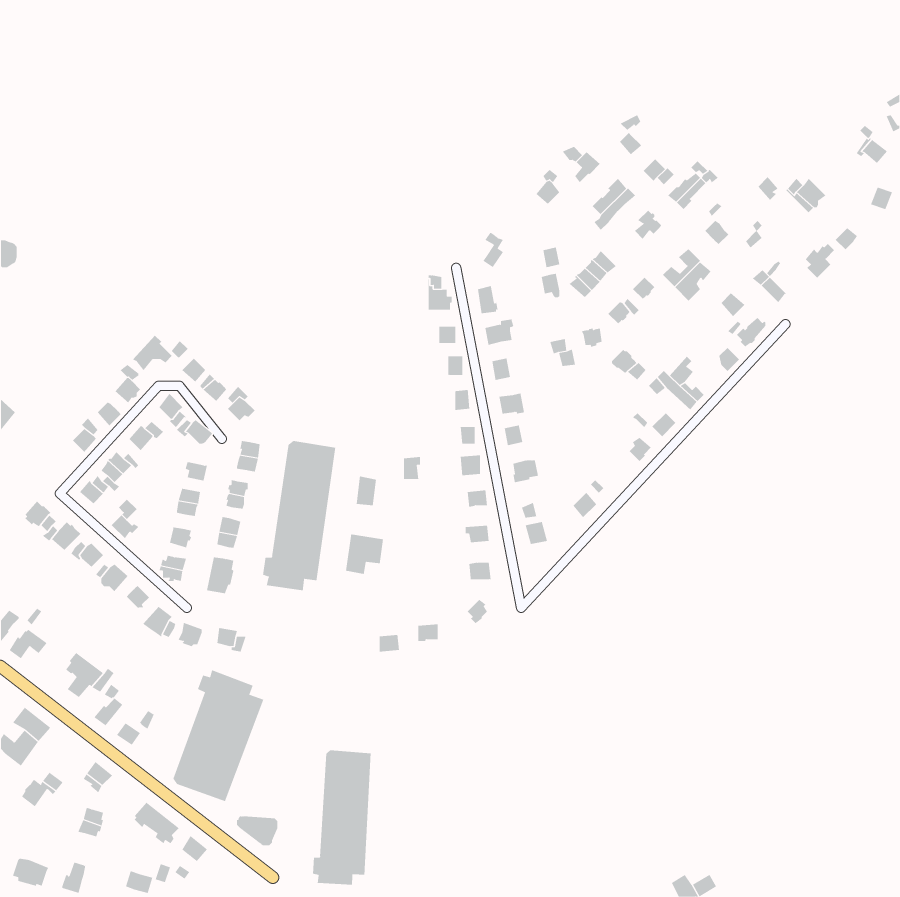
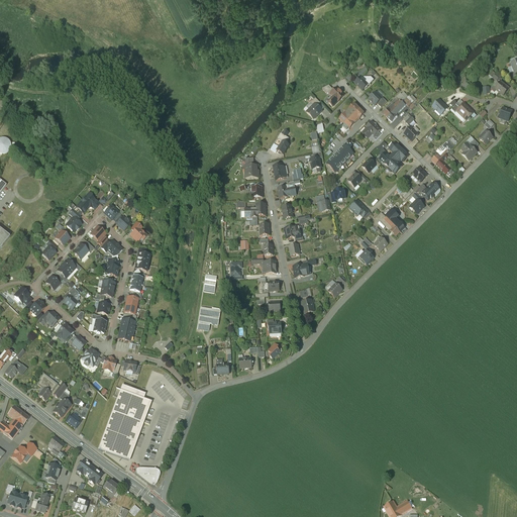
building: [262,440,336,591] -> none
building: [312,749,371,886] -> none

